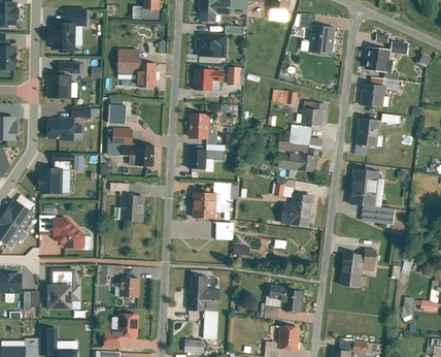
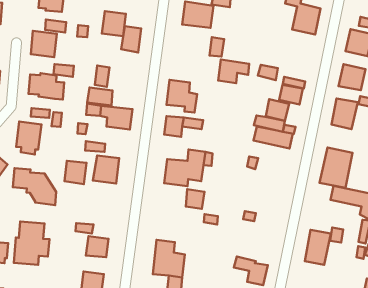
building: [194,68,224,91] -> [218,59,249,83]
building: [281,193,313,227] -> none
building: none -> [64,161,87,184]

